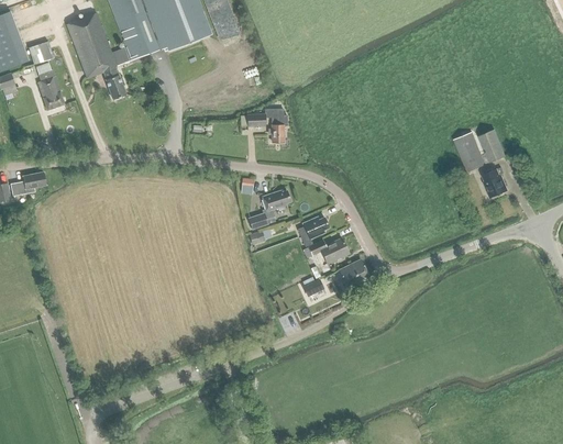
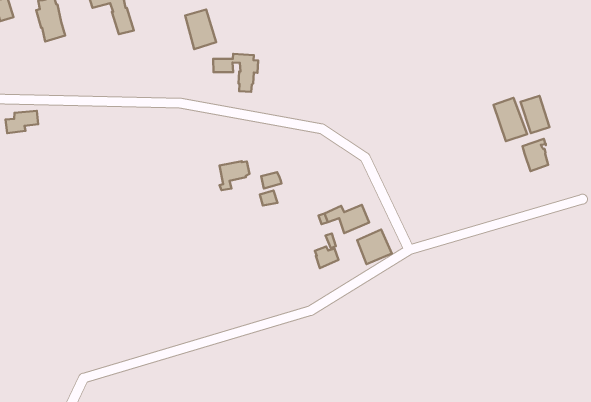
building: none -> [185,9,216,49]
building: [247,109,288,142] -> [213,54,258,92]
building: [263,190,290,218] -> [219,161,250,190]
building: [298,217,329,246] -> none

